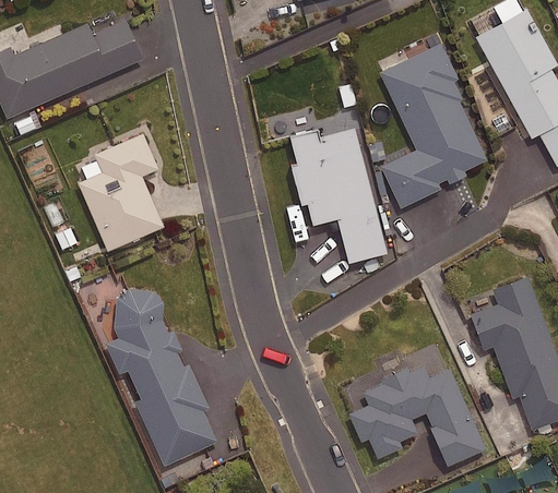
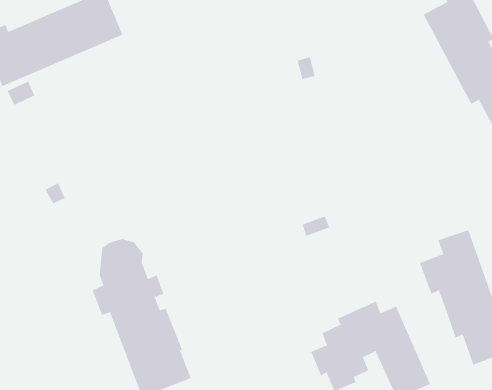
building: [376,43,489,207] -> none
building: [287,129,385,263] -> none
building: [71,134,163,251] -> none

